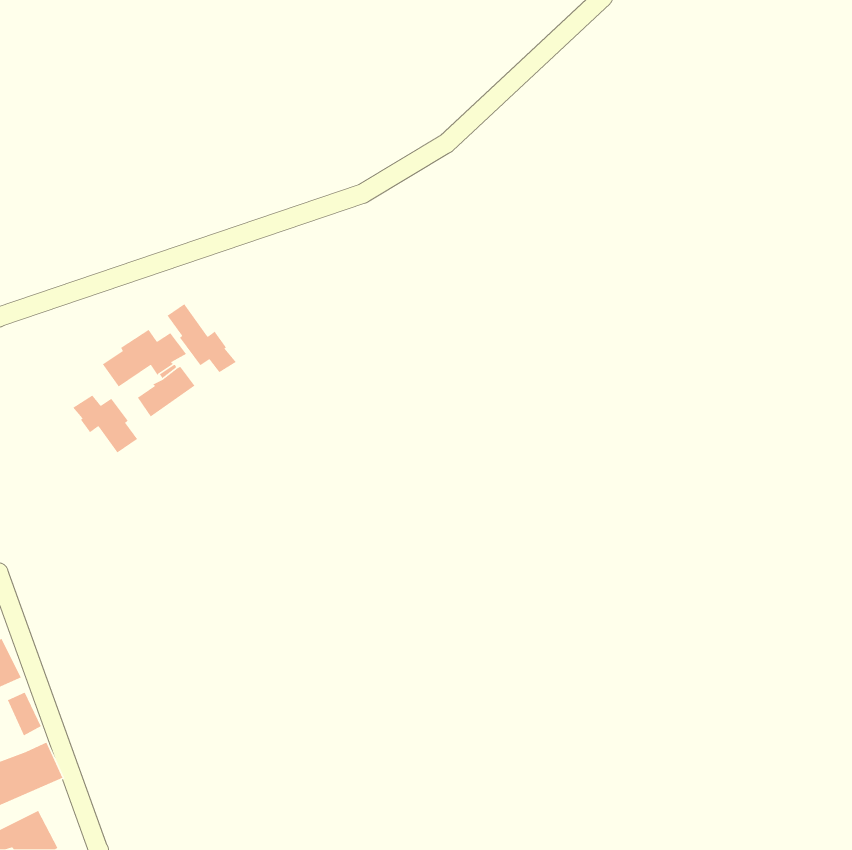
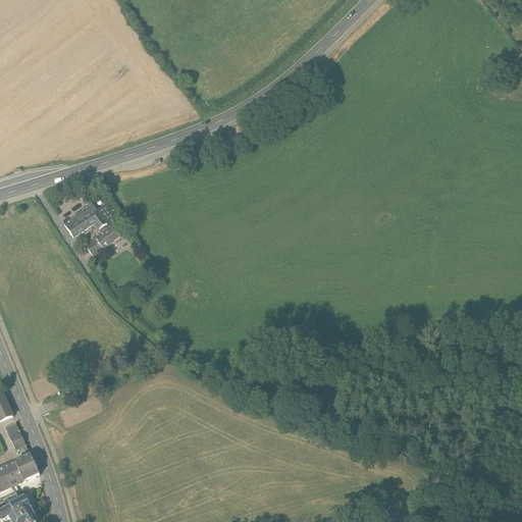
building: [166,303,237,373] -> none
building: [72,395,138,454] -> none

